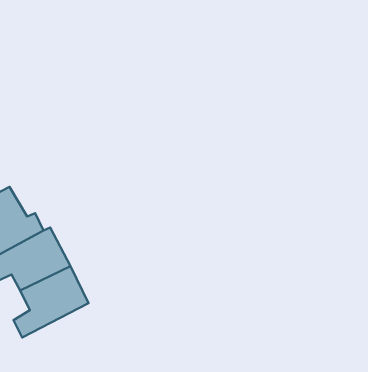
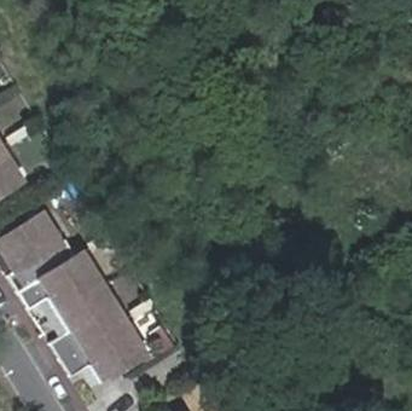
building: none -> [63,319,145,382]

